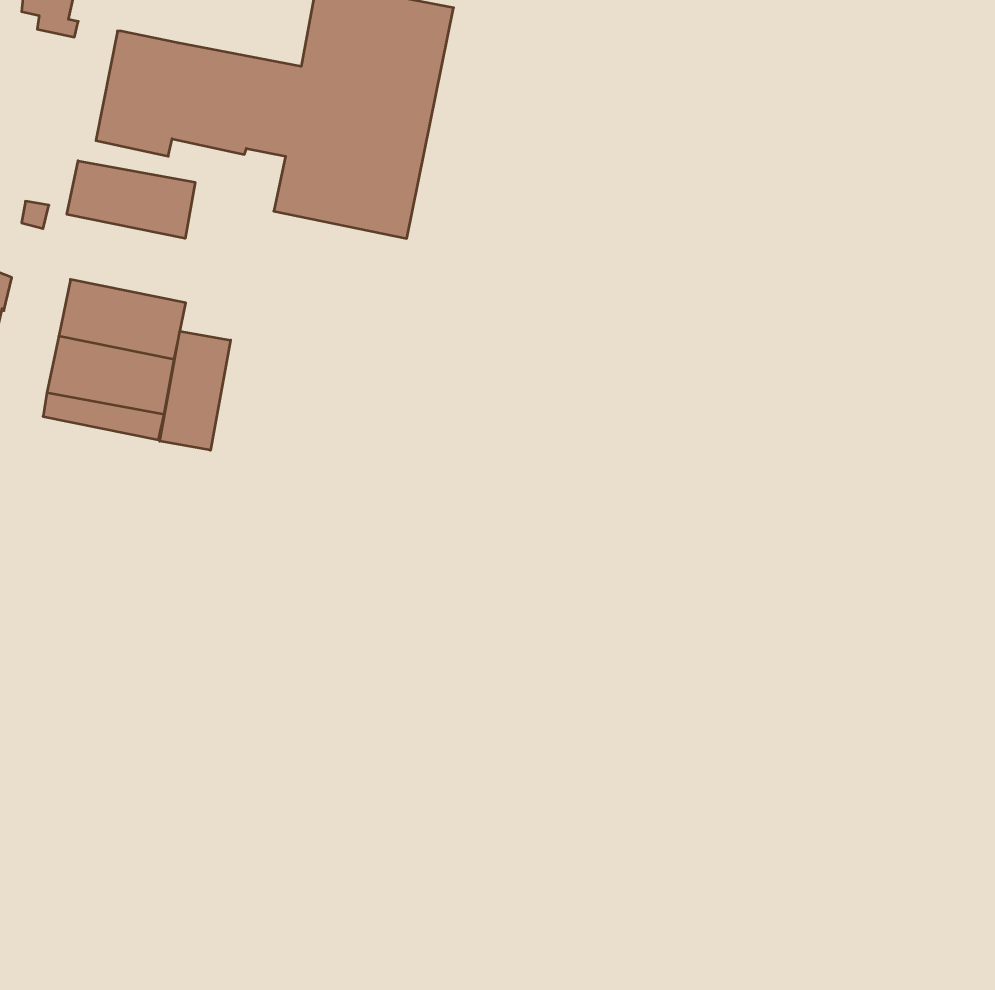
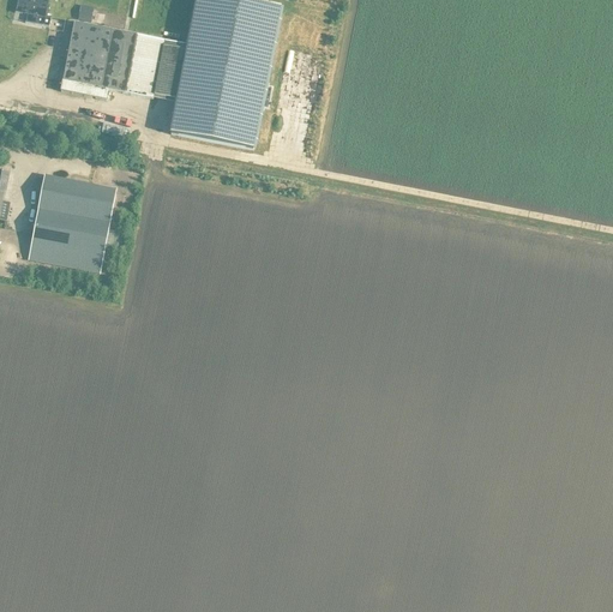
building: [67,161,195,238] -> none
building: [160,331,231,450] -> none

